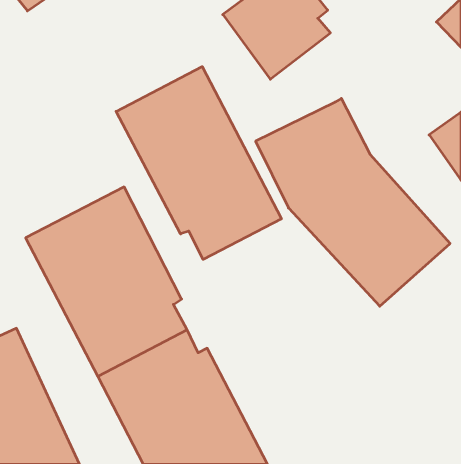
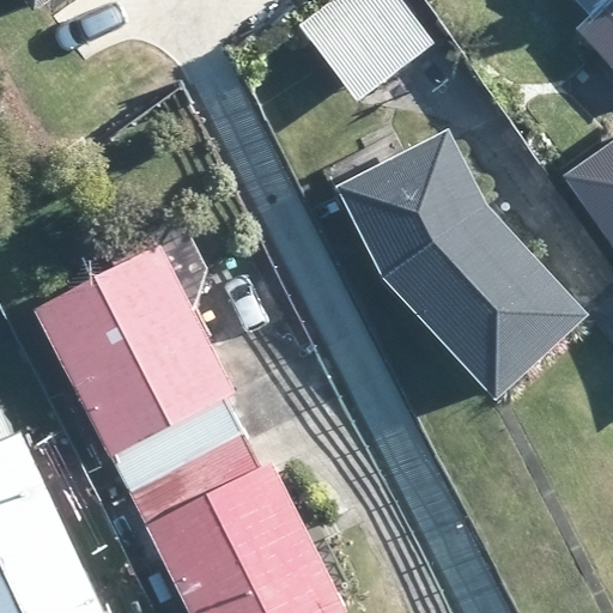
building: [116,67,281,259] -> none

